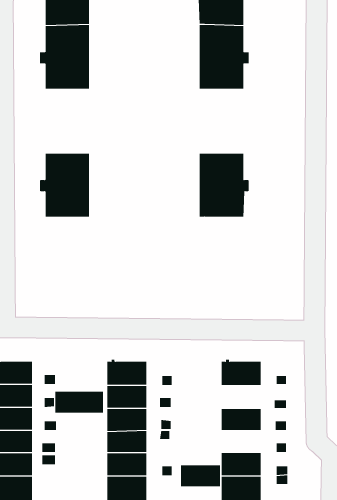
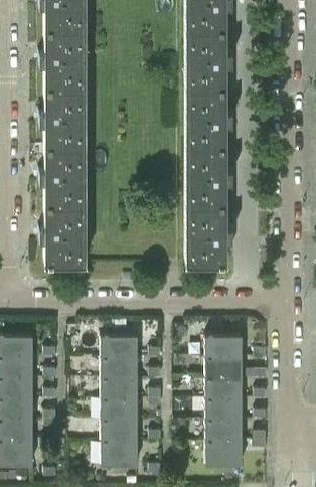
building: none -> [39,89,86,147]
building: none -> [185,89,231,147]
building: none -> [39,205,86,265]
building: none -> [185,205,231,265]
building: none -> [205,359,243,380]
building: [55,391,104,414] -> none
building: [180,465,221,487] -> [205,400,243,421]

